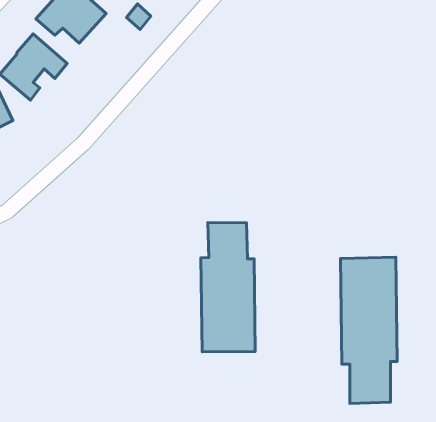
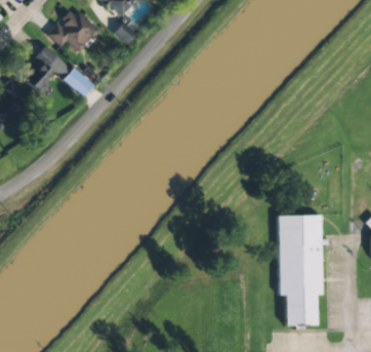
building: none -> [63,69,94,99]
building: [201,223,255,352] -> none

